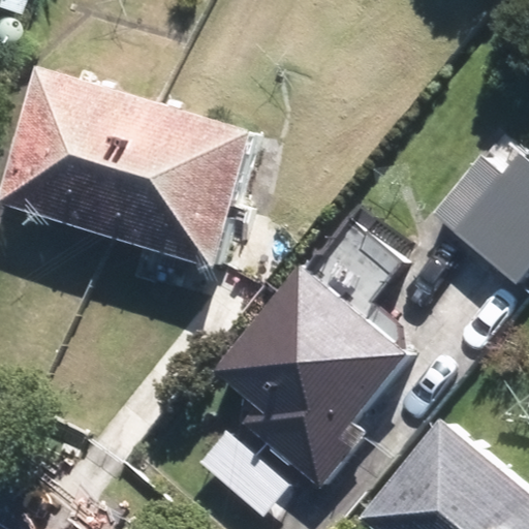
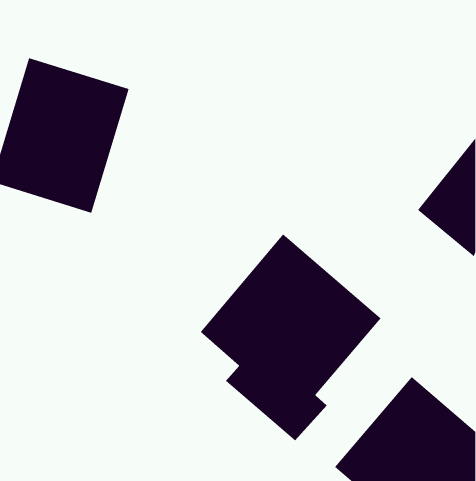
building: [100,99,249,269] -> none

